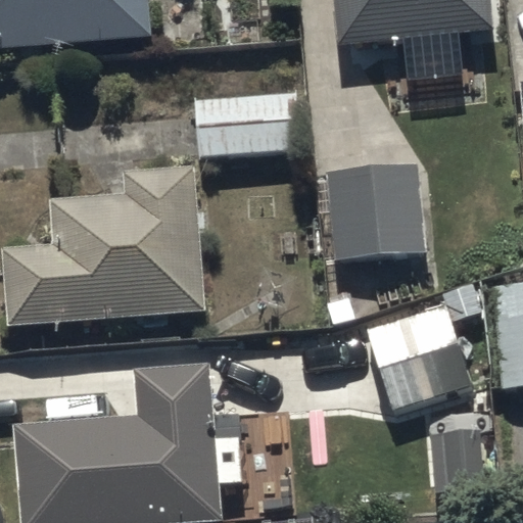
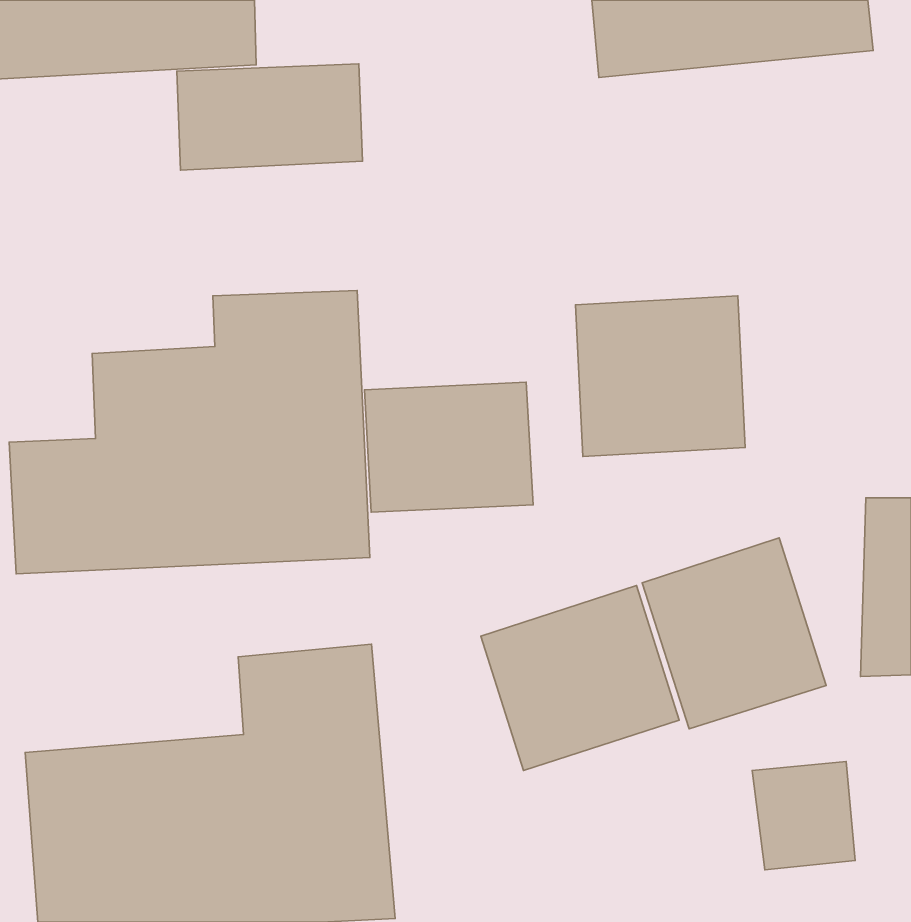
building: [193,96,298,156] -> [177,64,363,170]
building: none -> [364,382,533,512]
building: none -> [481,586,679,771]

